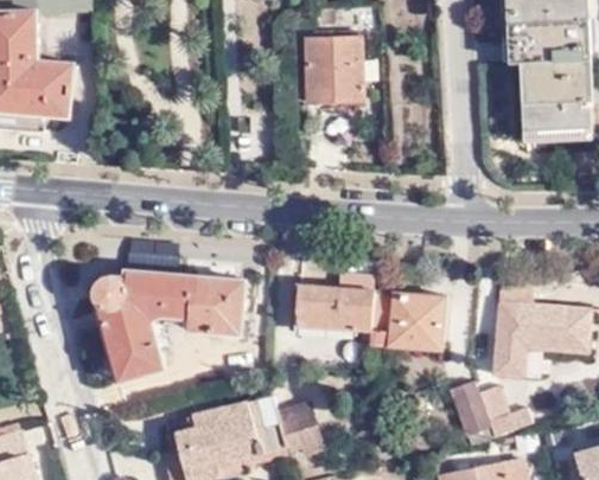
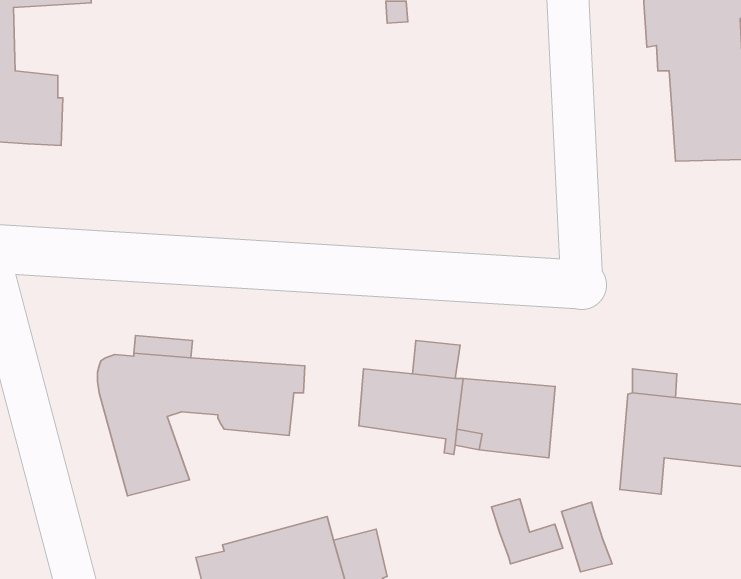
building: [305,38,362,104] -> none
building: [471,386,524,435] -> [491,499,563,564]

